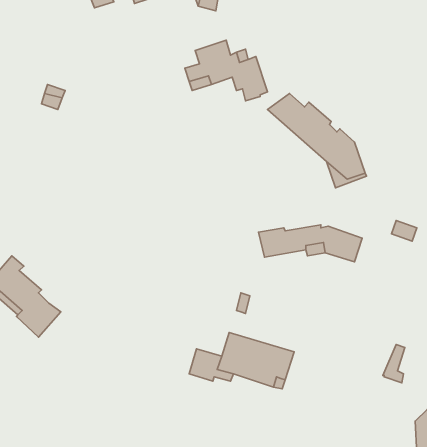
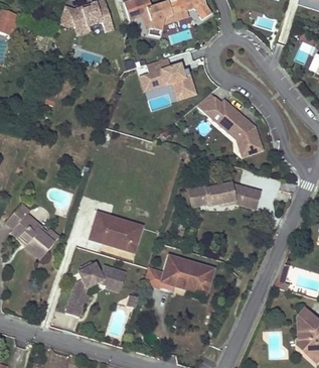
building: none -> [90,213,142,250]
building: none -> [64,262,123,318]

